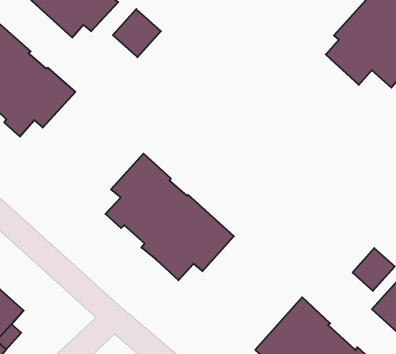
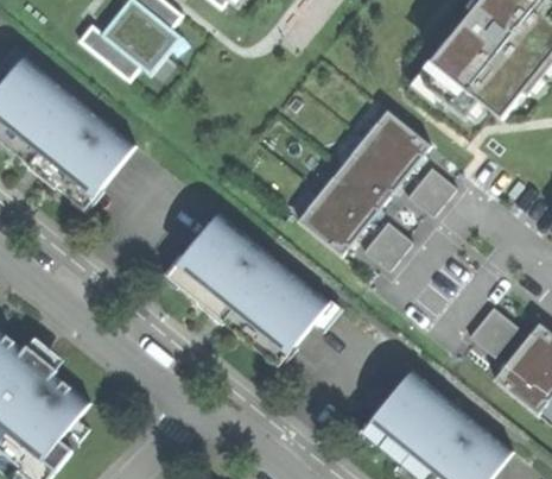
building: [113,9,161,57] -> none
building: none -> [298,109,431,254]
building: none -> [407,166,456,218]
building: none -> [363,221,412,271]

